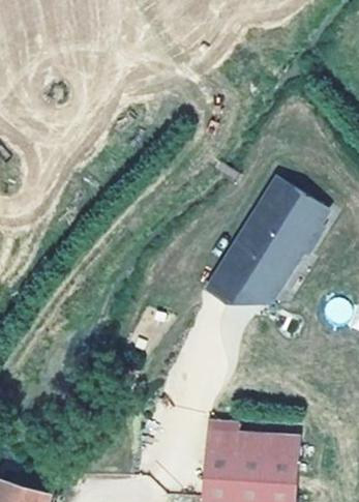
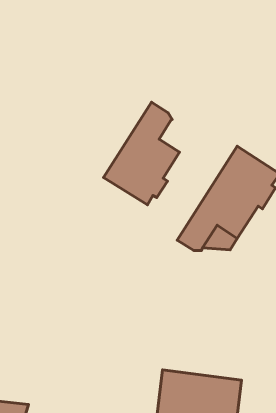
building: none -> [104,102,180,205]
building: [197,424,293,459] -> none

